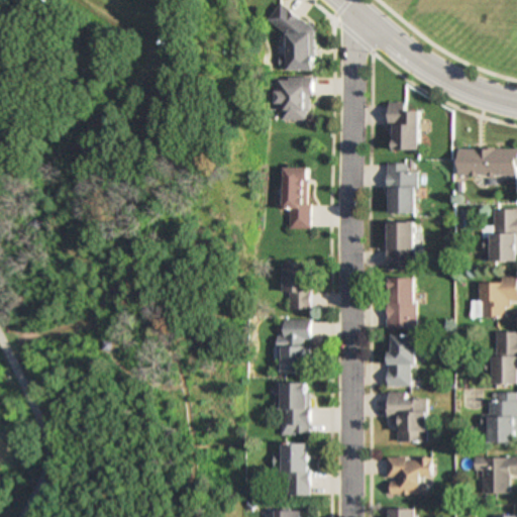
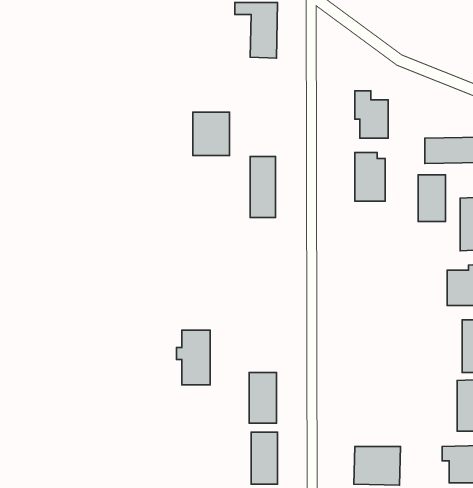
building: [270,78,306,121] -> [193,112,230,156]
building: [387,223,414,270] -> [418,175,445,221]
building: [282,264,308,310] -> none
building: [386,278,415,328] -> none
building: [275,320,308,375] -> [177,330,210,385]
building: [387,334,417,387] -> none
building: [386,392,426,442] -> none

